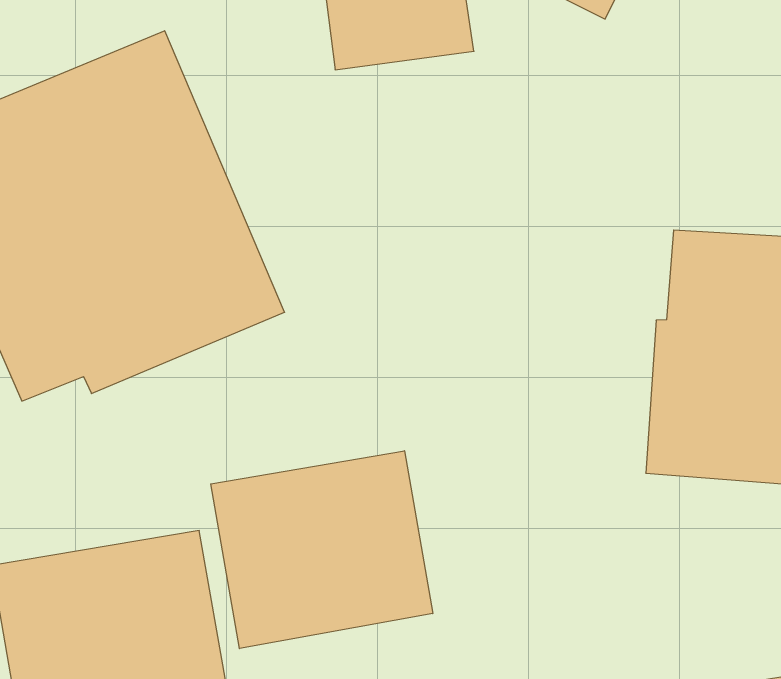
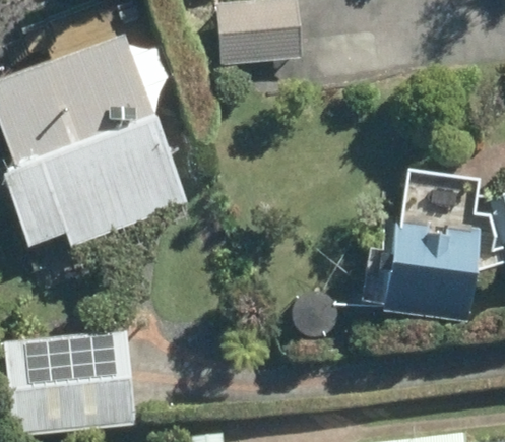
building: [211,451,433,649] -> none

